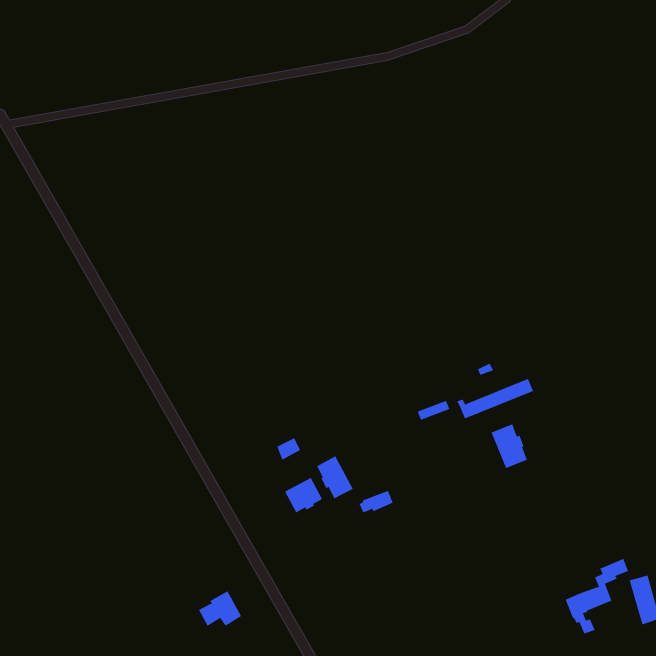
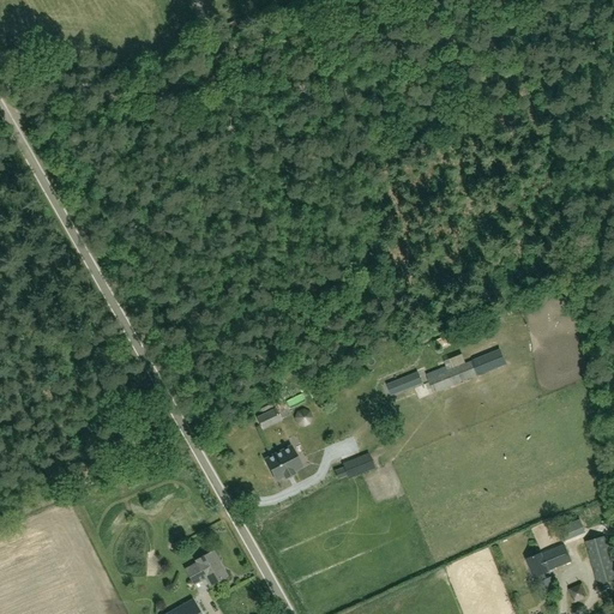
building: [491,423,528,469] -> none
building: [316,456,353,499] -> none

